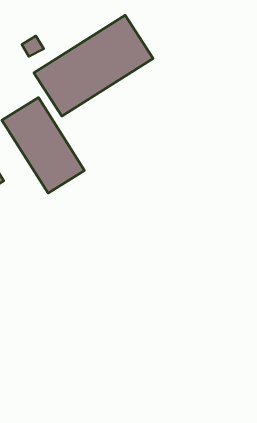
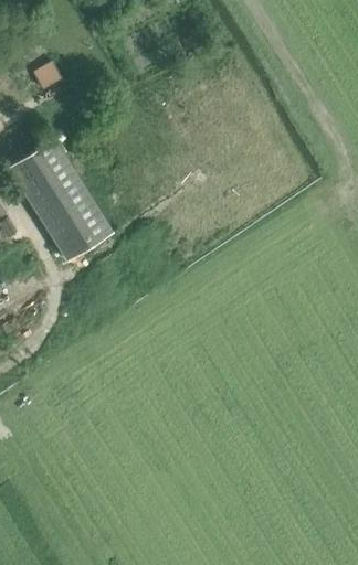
building: [34,15,153,116] -> none

